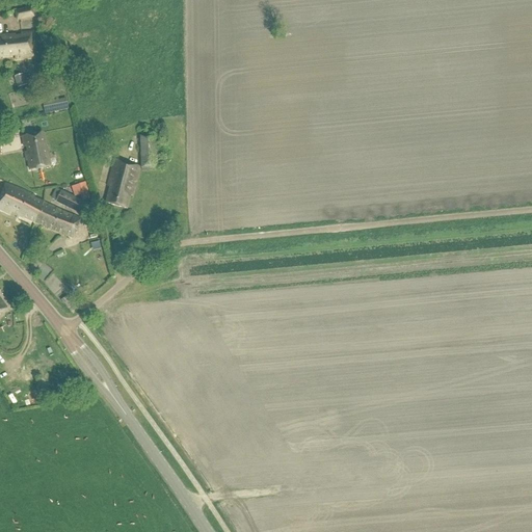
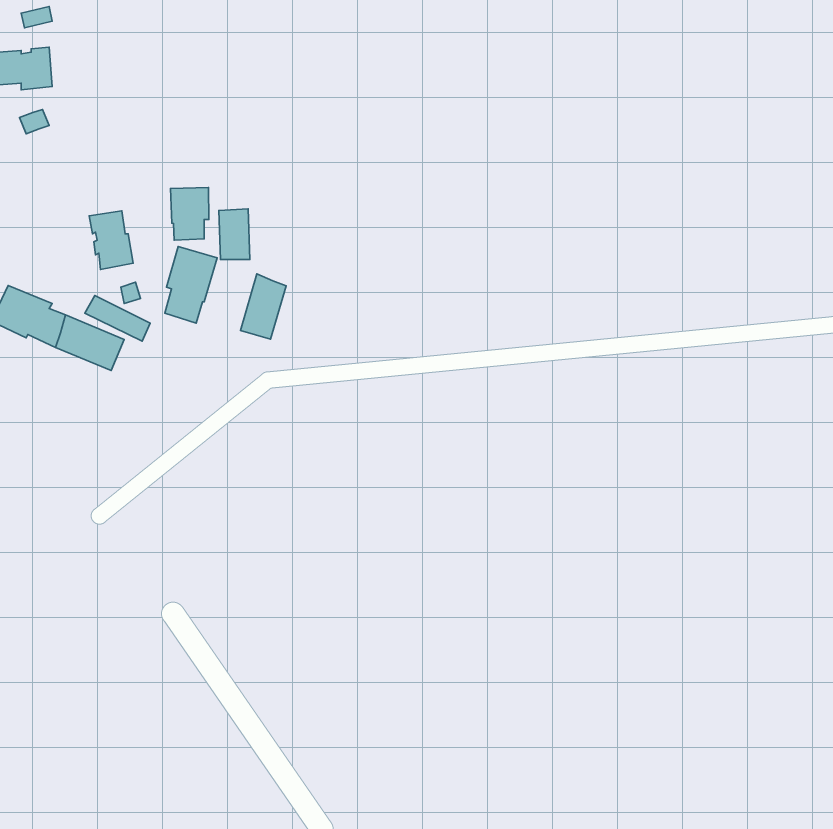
building: none -> [171,187,209,240]
building: [21,131,49,168] -> [89,211,133,270]
building: none -> [240,274,286,339]

